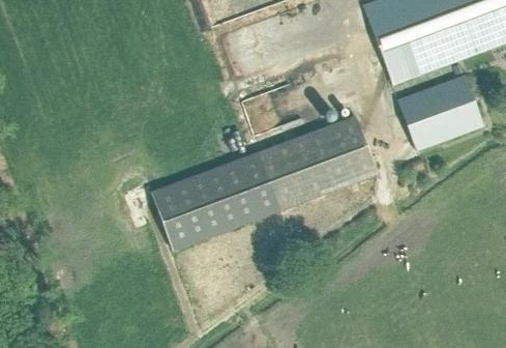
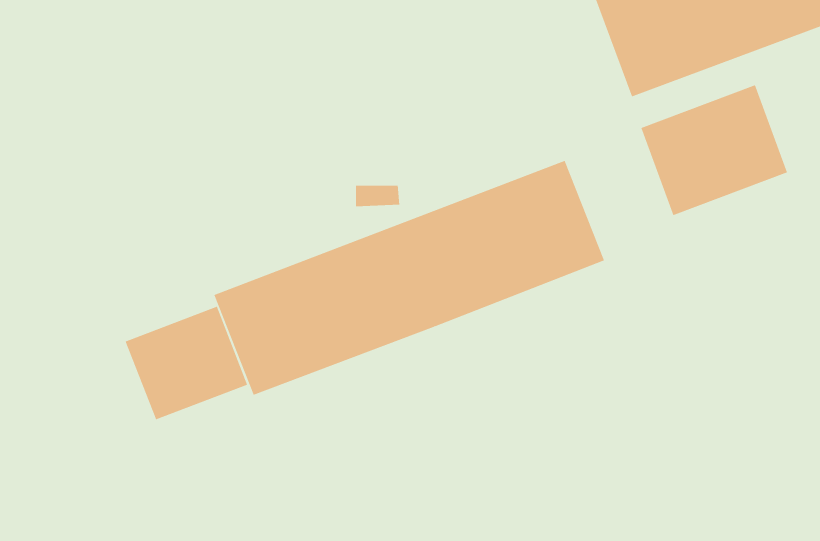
building: none -> [125,306,248,420]

